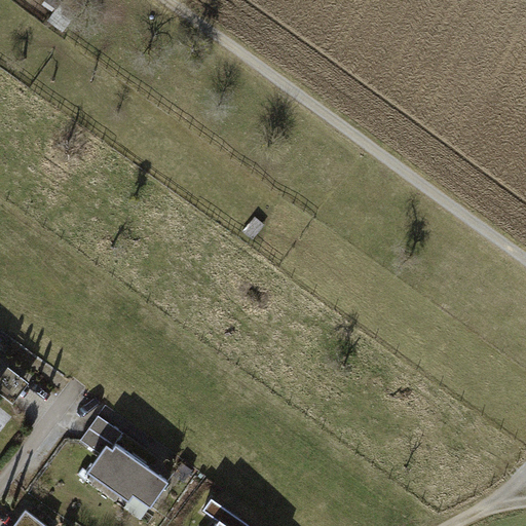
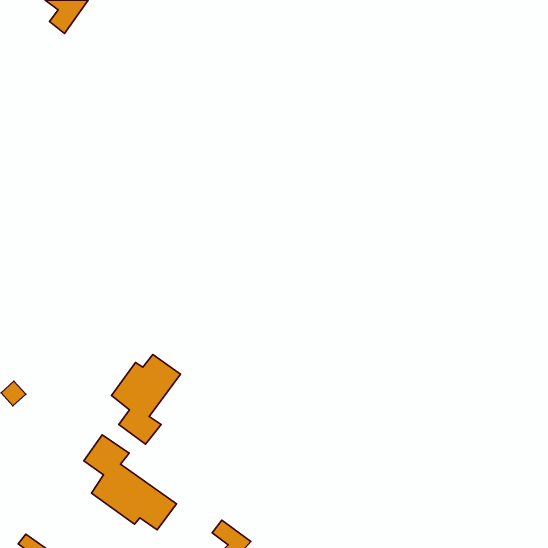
building: none -> [112,355,180,444]

